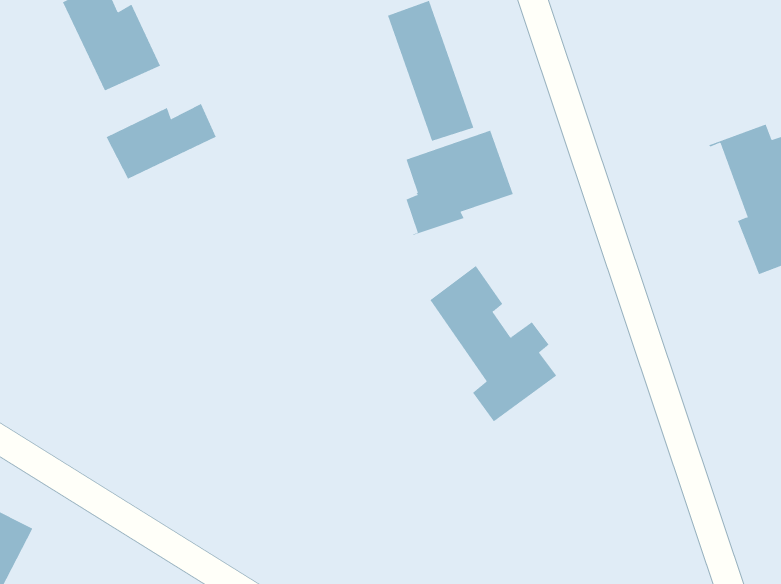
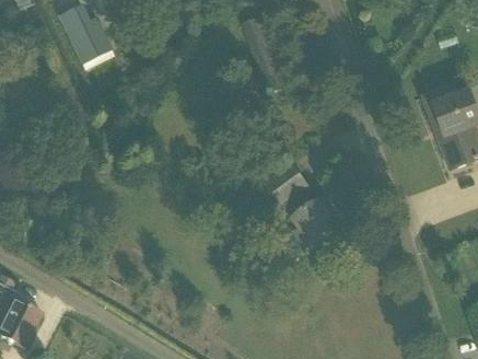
building: [106,103,216,180] -> none
building: [406,130,513,236] -> none

